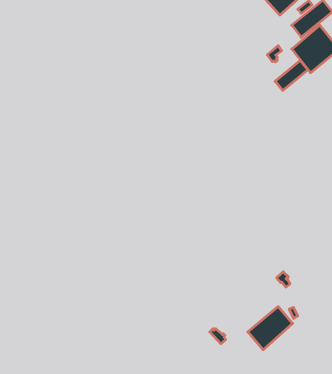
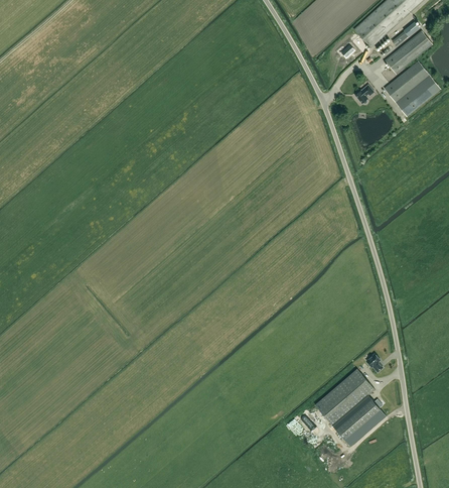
building: [275,61,308,90] -> none
building: none -> [315,368,375,424]

